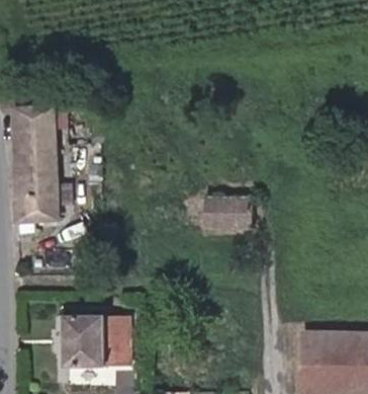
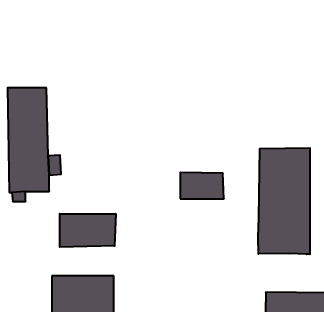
building: none -> [258,148,310,254]
building: none -> [60,214,116,247]

